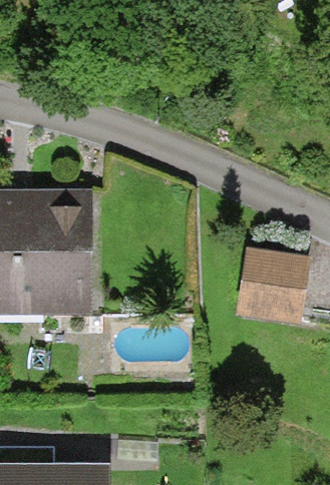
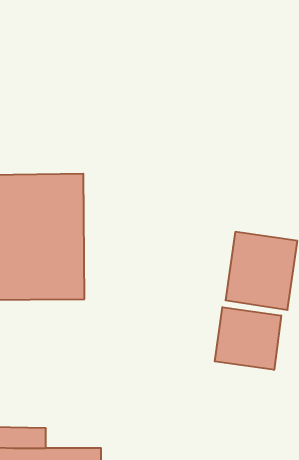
building: none -> [215,307,281,370]

